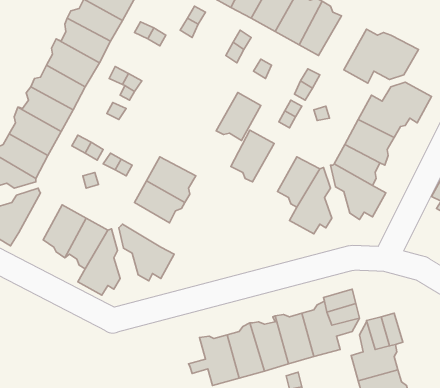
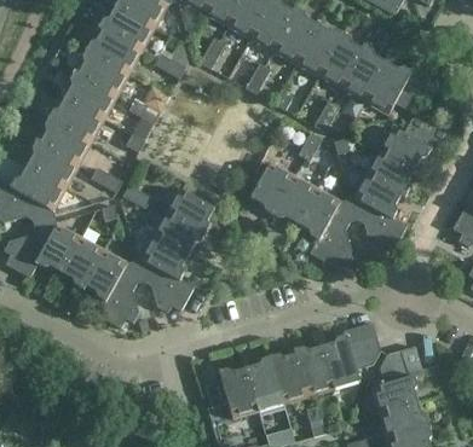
building: none -> [339,42,387,100]
building: [216,92,261,141] -> [272,174,317,222]
building: none -> [38,224,81,271]
building: none -> [142,233,189,278]

